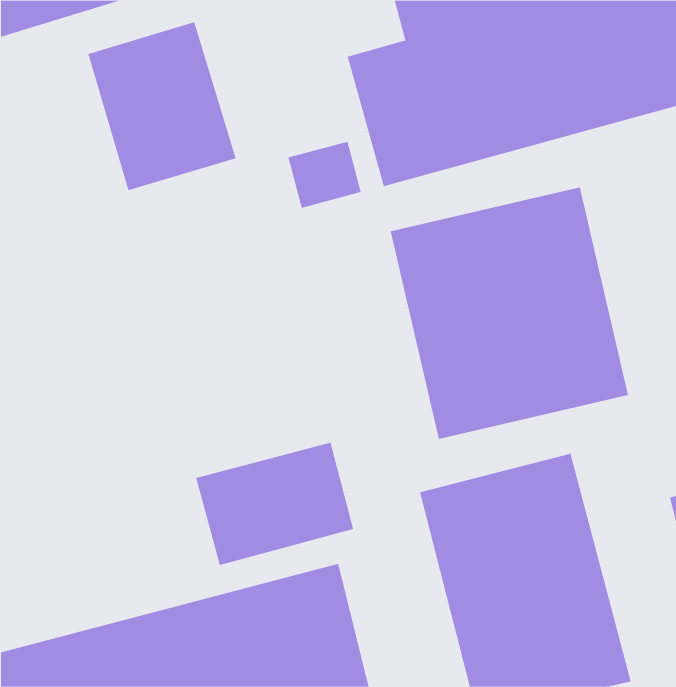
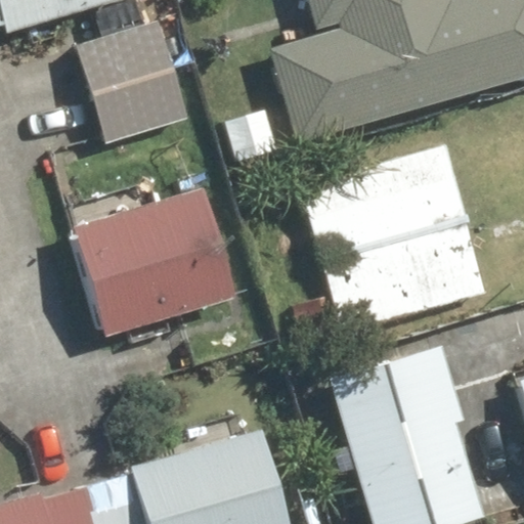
building: none -> [74,186,237,338]
building: [196,442,354,566] -> none

